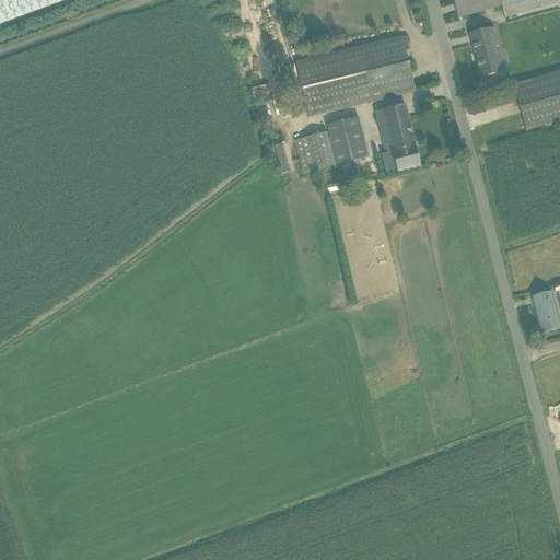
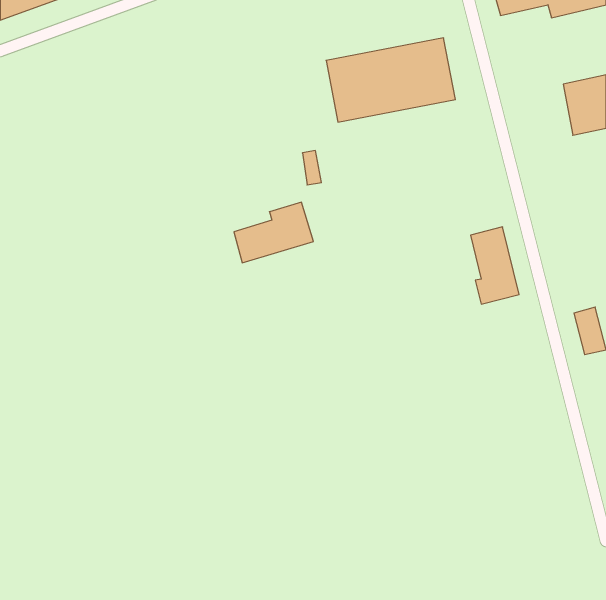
building: [467,21,501,72] -> none
building: [373,98,418,170] -> [471,227,519,304]
building: [294,110,368,166] -> [234,202,313,263]

